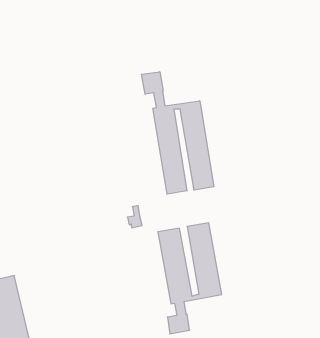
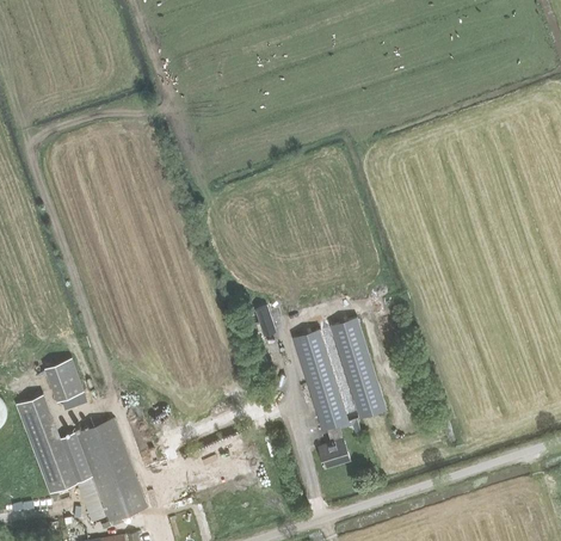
building: [141,72,214,194] -> none

